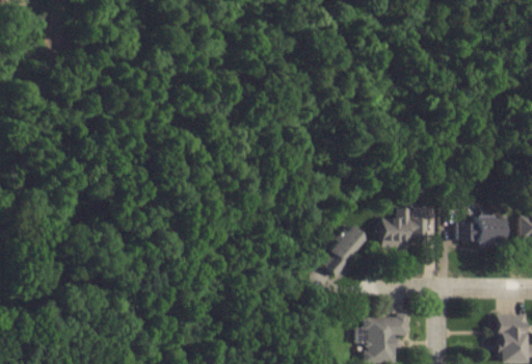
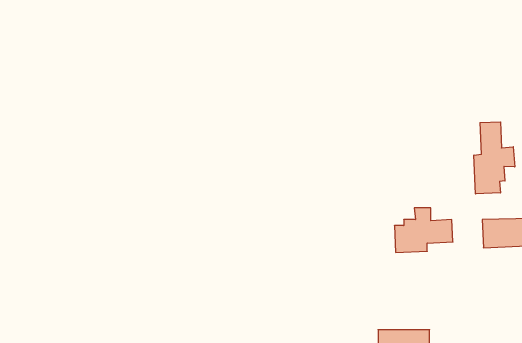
building: none -> [474,122,515,194]
building: [318,223,370,276] -> none

